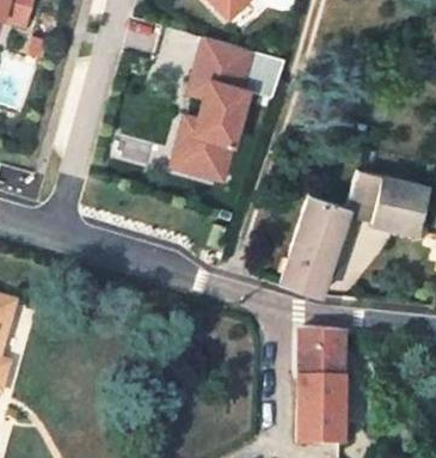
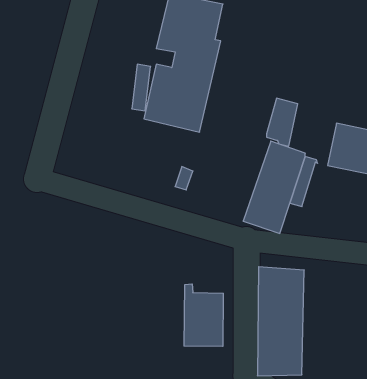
building: [351,169,385,220] -> [267,98,298,146]
building: none -> [184,284,223,346]

